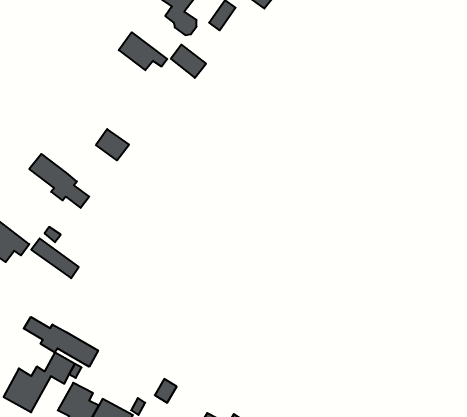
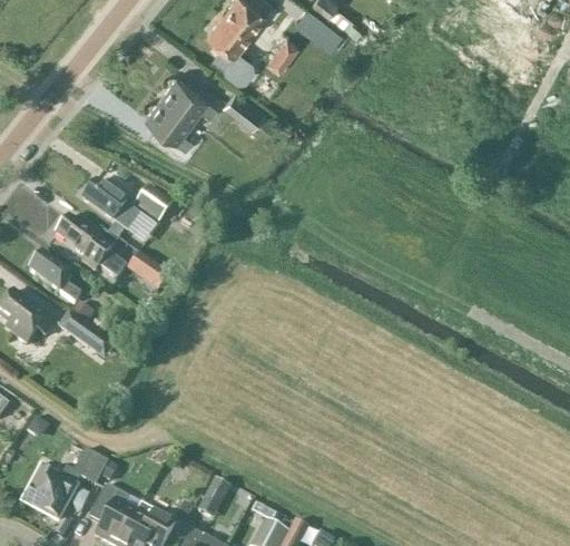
building: none -> [145,95,193,146]
building: none -> [82,181,141,232]
building: none -> [29,252,80,303]
building: none -> [128,254,170,292]
building: [24,317,98,367] -> none

